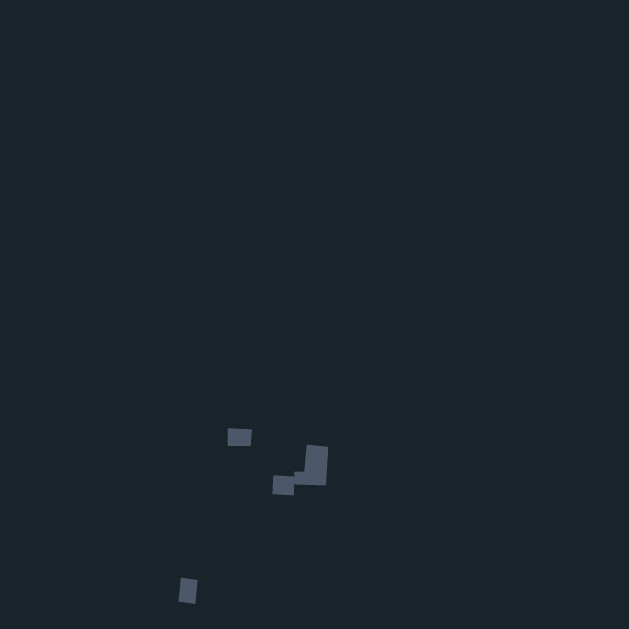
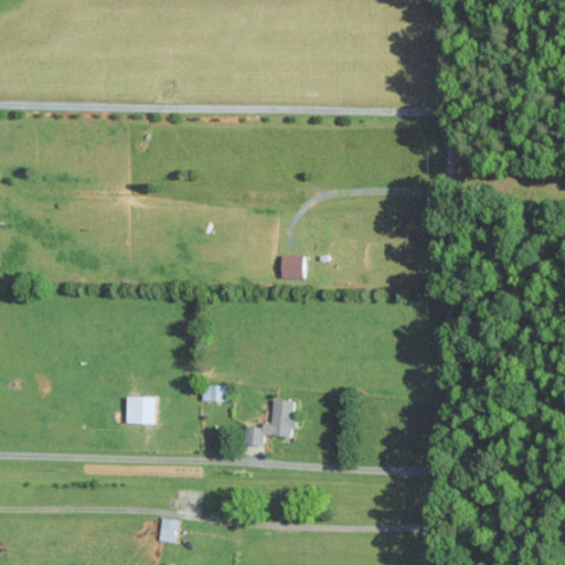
building: none -> [281,255,303,278]
building: none -> [126,396,156,423]

